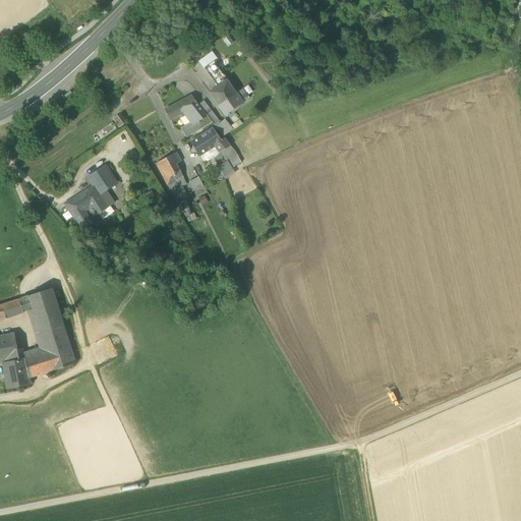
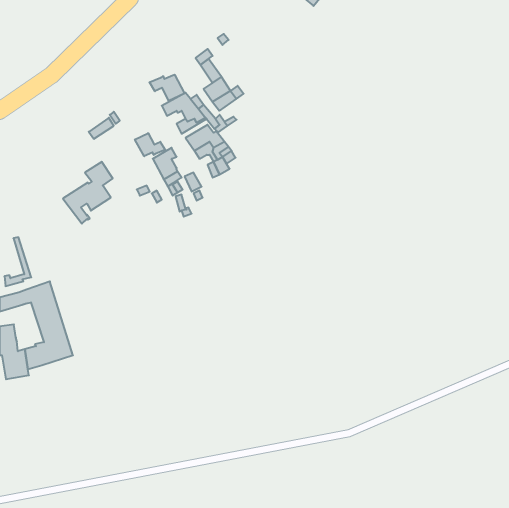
building: none -> [149,75,185,101]
building: none -> [135,133,165,156]
building: [17,308,45,358] -> [4,237,31,286]

